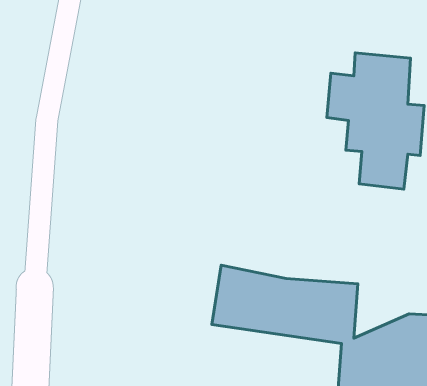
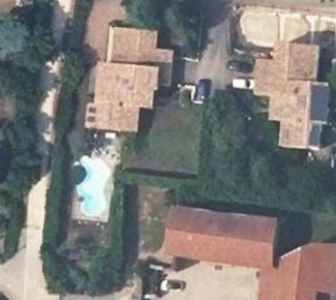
building: none -> [94,27,171,129]

